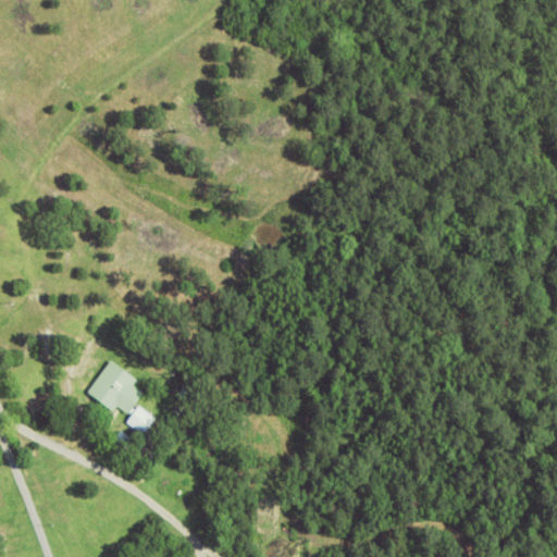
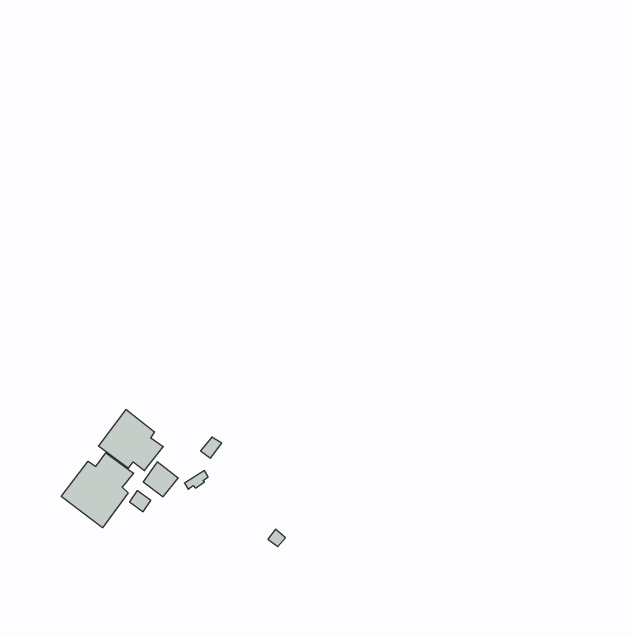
building: none -> [61,453,134,528]

